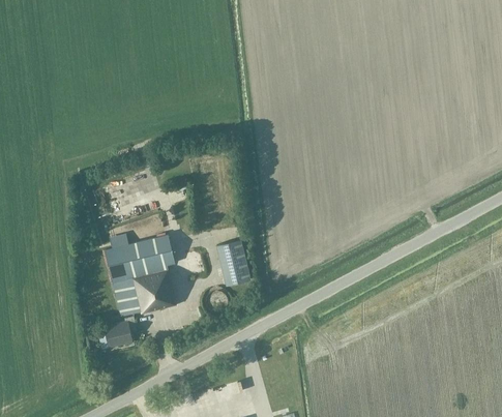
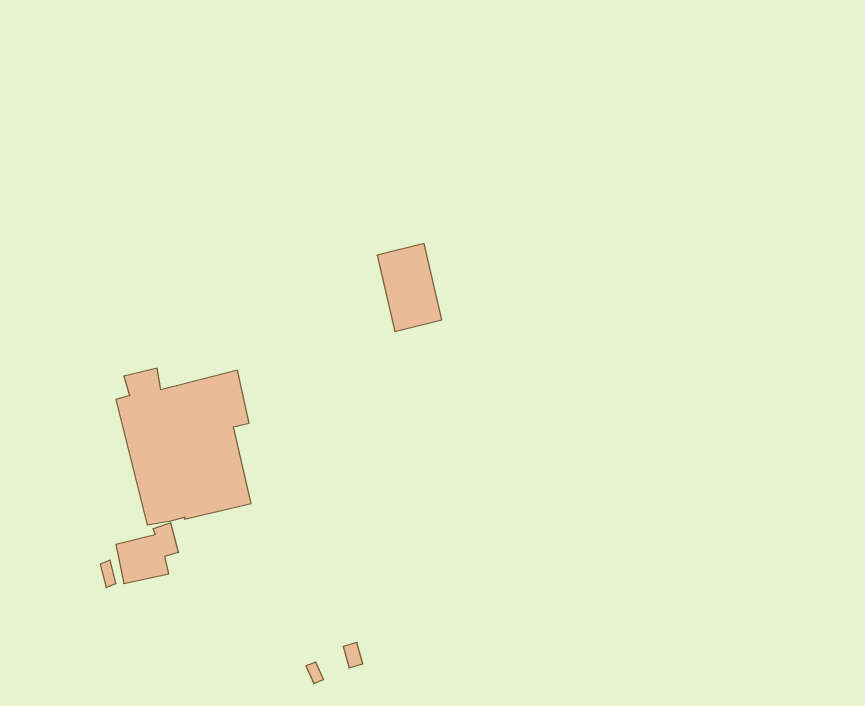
building: [216,240,250,287] -> [377,244,442,332]

